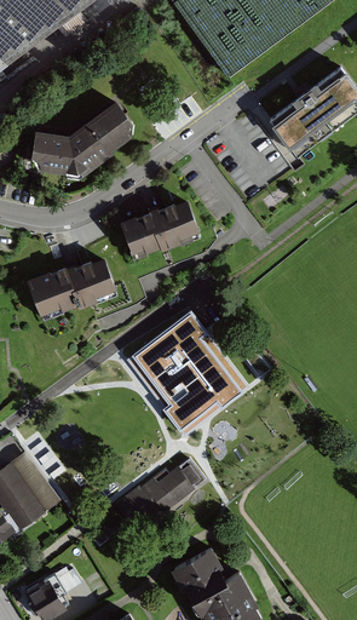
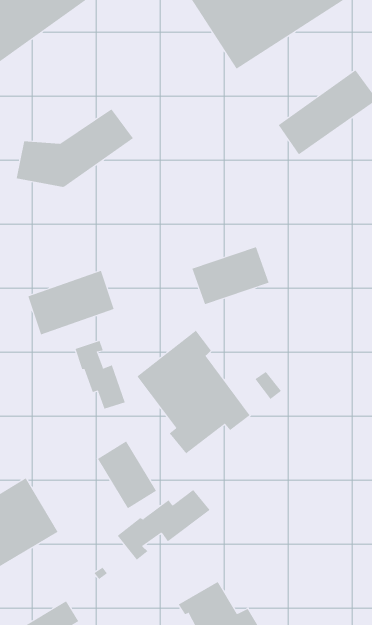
building: [125,200,197,254] -> [192,246,269,305]
building: none -> [75,340,126,410]
building: none -> [97,440,157,509]

